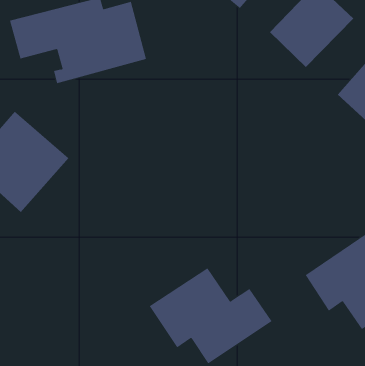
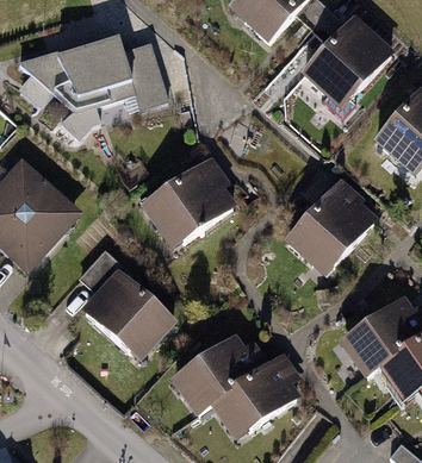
building: none -> [141,157,240,249]
building: none -> [283,177,380,276]
building: none -> [76,265,175,362]

